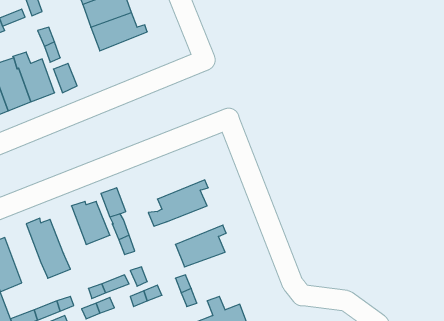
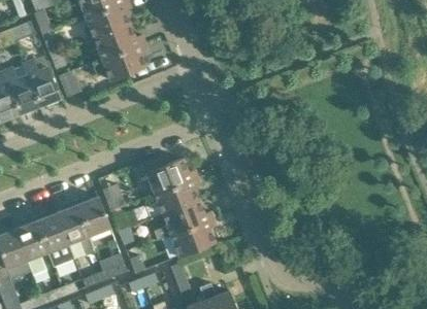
building: none -> [92,41,147,84]
building: none -> [145,158,197,194]
building: none -> [56,200,96,254]
building: none -> [154,200,213,240]
building: none -> [14,216,47,274]

